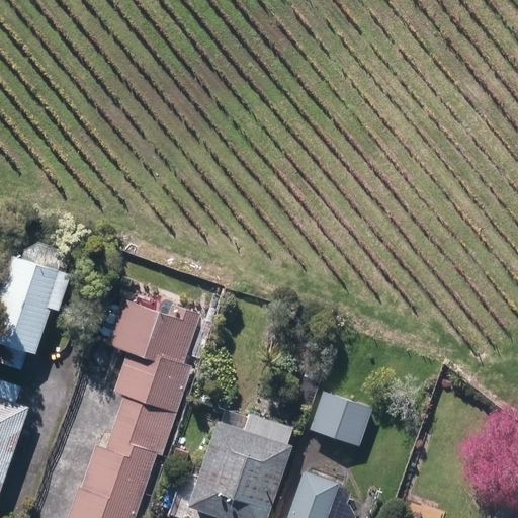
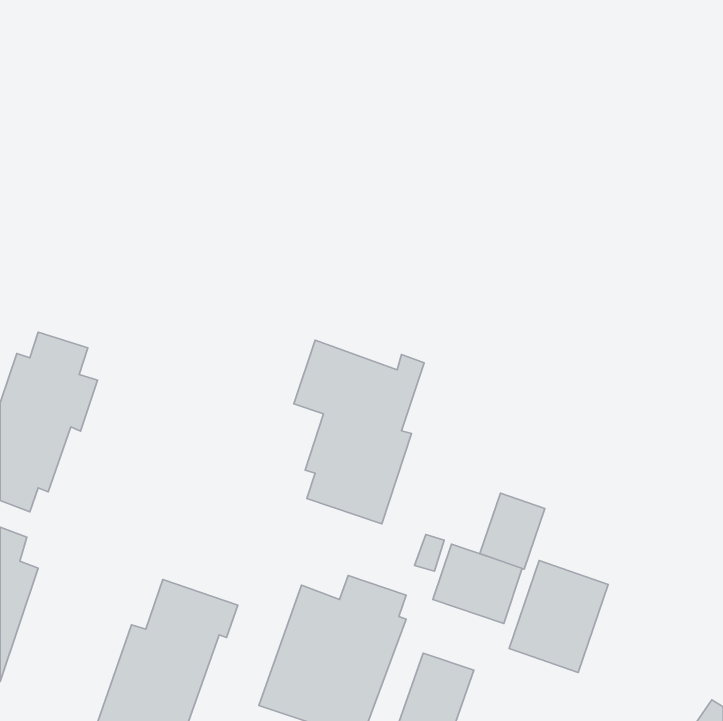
building: [107,303,200,434] -> [294,340,424,524]
building: none -> [480,493,545,569]
building: none -> [509,560,608,672]

